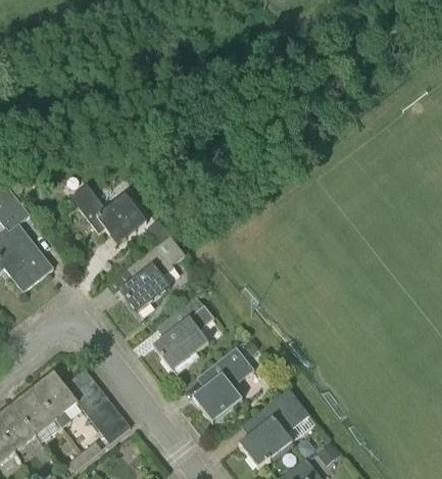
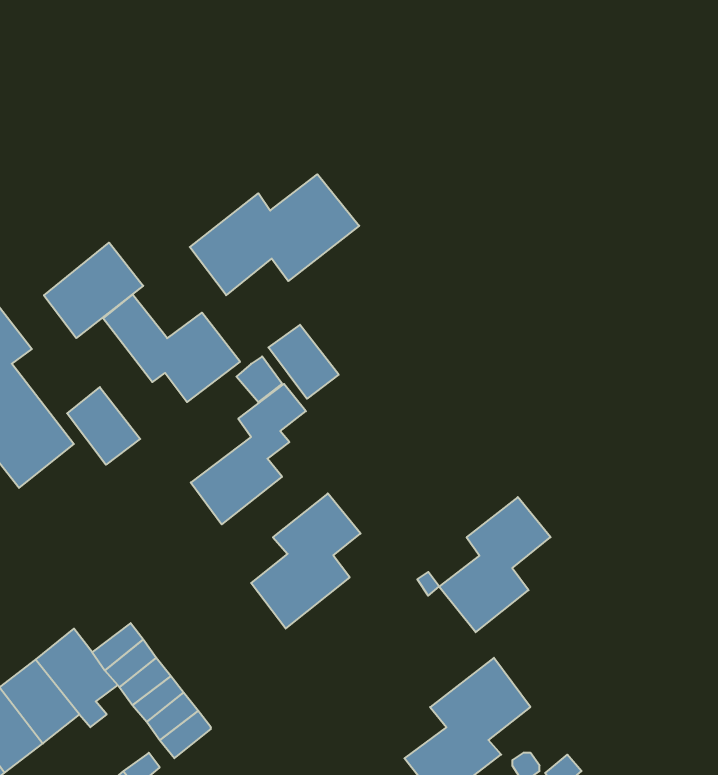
building: none -> [190,174,359,295]
building: none -> [44,243,143,338]
building: none -> [268,325,339,399]
building: none -> [67,387,140,465]
building: [191,346,253,422] -> [439,497,551,632]

